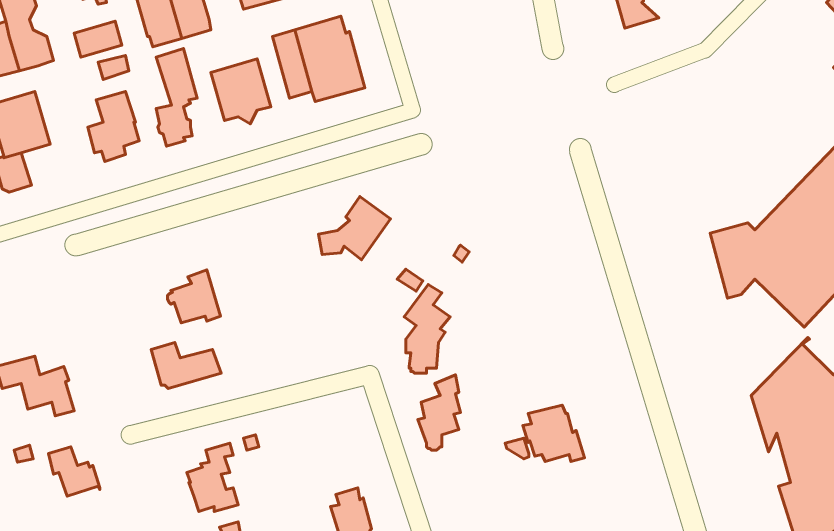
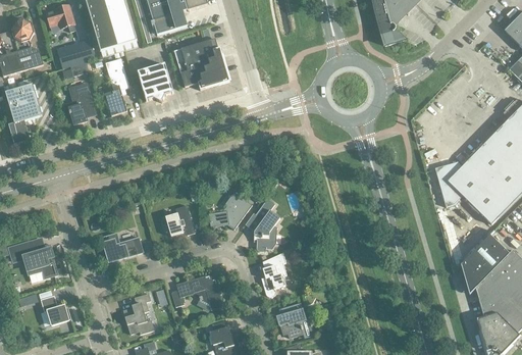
building: [319,196,390,260] -> [209,191,252,229]
building: [167,270,220,323] -> [163,204,195,236]
building: [523,405,585,461] -> [276,303,313,337]
building: none -> [171,274,223,308]

